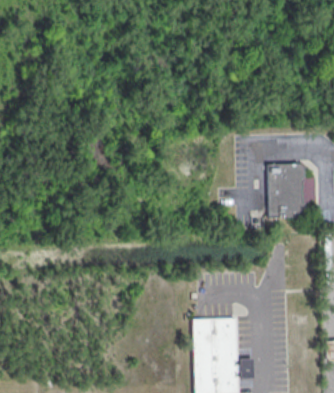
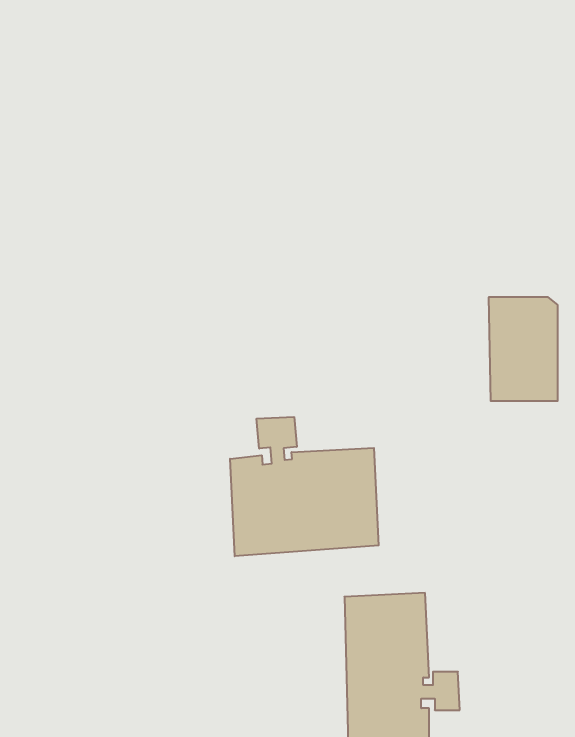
building: none -> [230,417,379,556]

